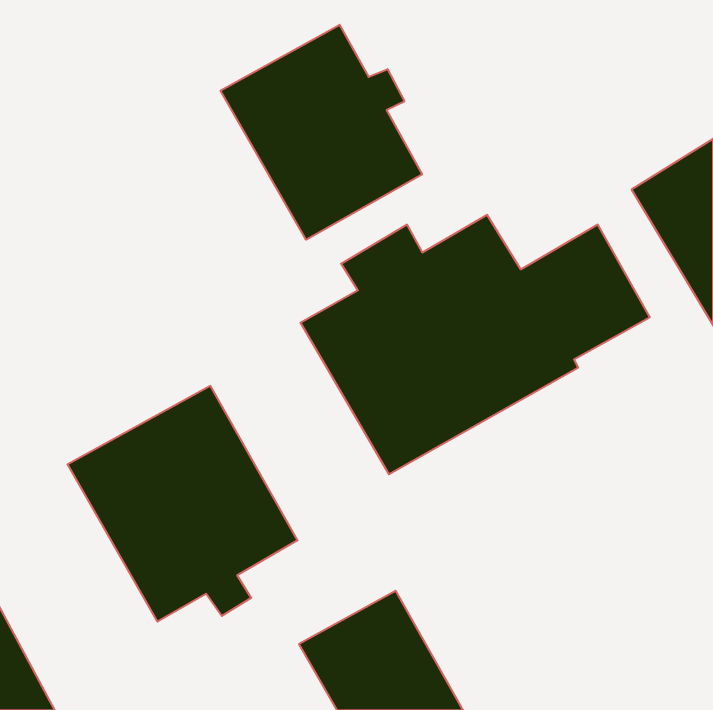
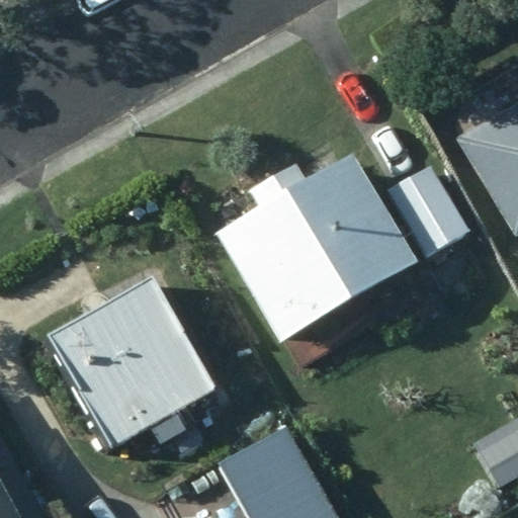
building: [221,25,422,240] -> none

